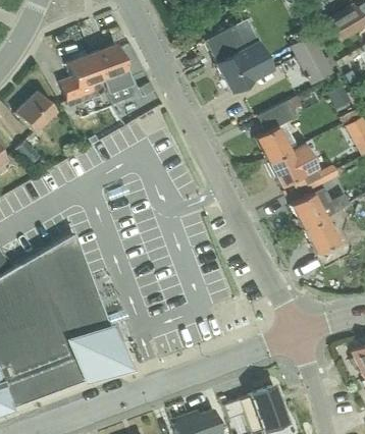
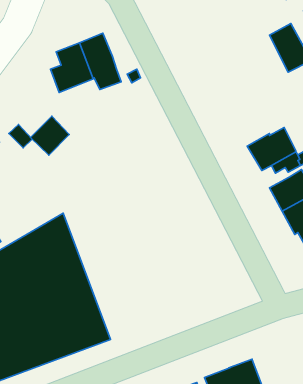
building: [206,25,274,93] -> none
building: [15,91,56,131] -> [30,116,69,155]
building: [256,100,299,162] -> none

